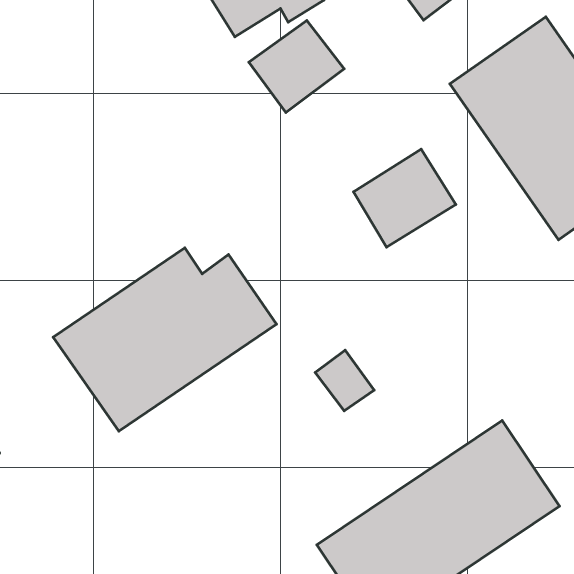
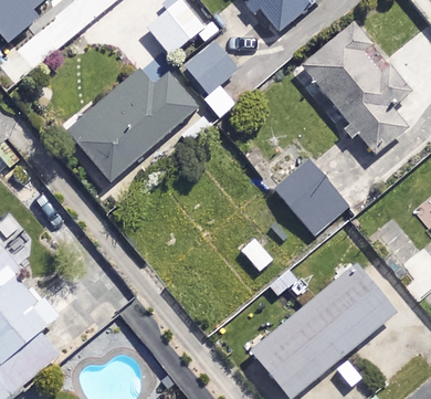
building: [354,149,456,247] -> [286,174,348,234]
building: [53,248,276,431] -> [64,70,197,183]

